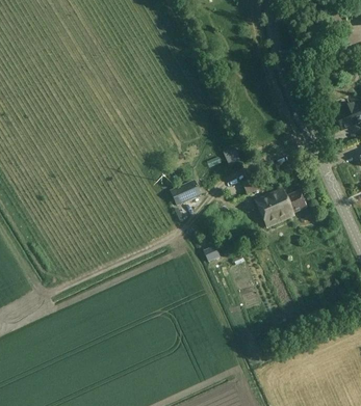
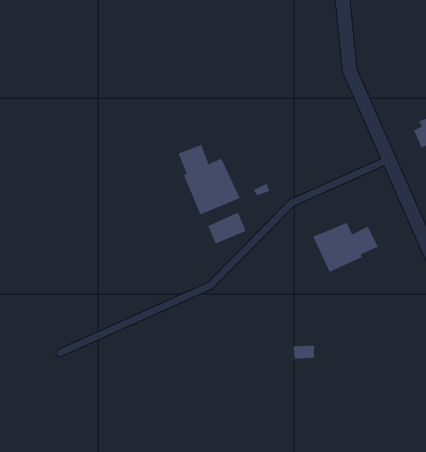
building: none -> [178,144,240,215]

